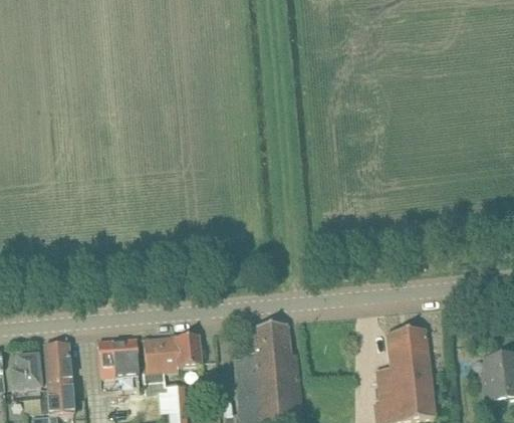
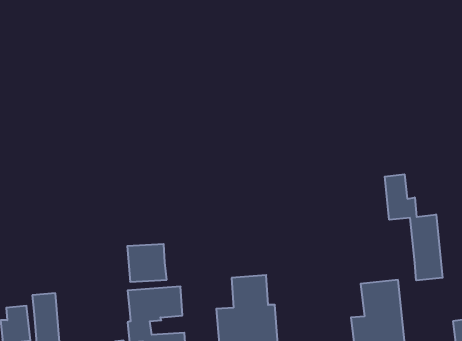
building: none -> [385,174,443,280]
building: [97,339,139,378] -> [127,244,167,282]

